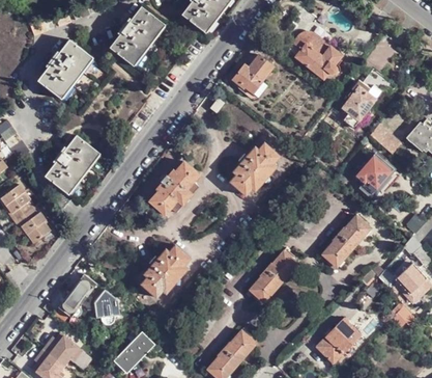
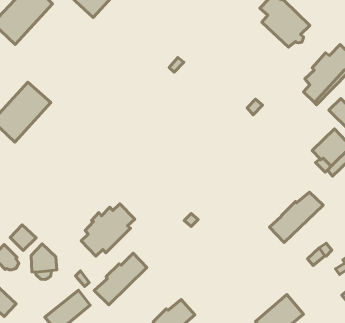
building: [232,54,273,93] -> none
building: [230,142,280,195] -> none
building: [149,162,199,214] -> none
building: [250,250,298,302] -> [94,253,147,305]

